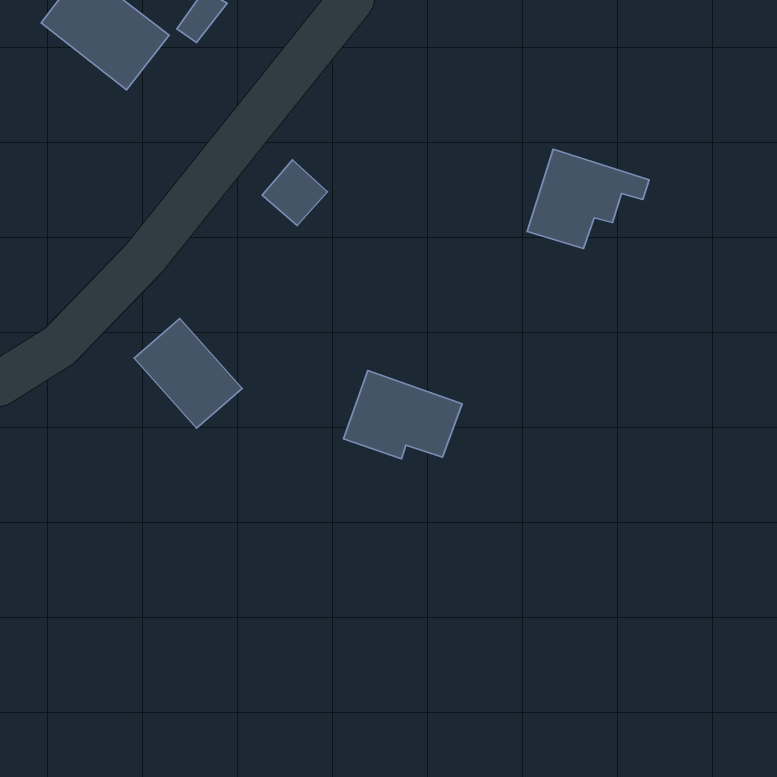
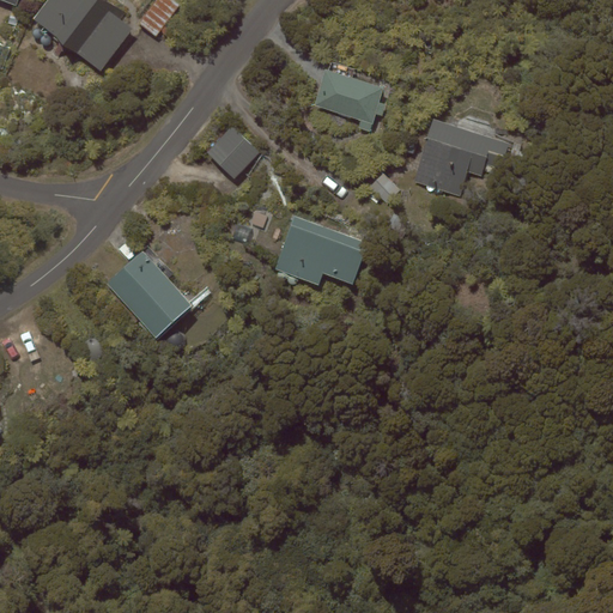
building: none -> [314,69,382,122]
building: [343,370,462,459] -> [273,214,366,284]

